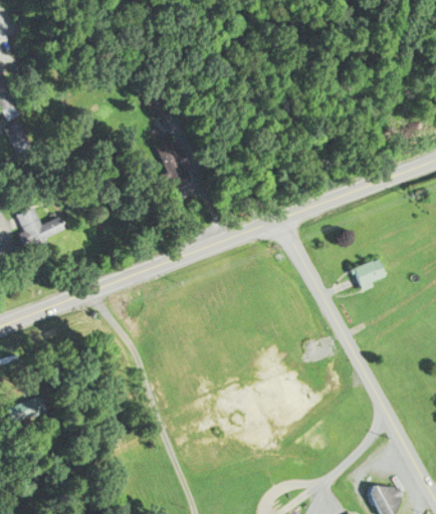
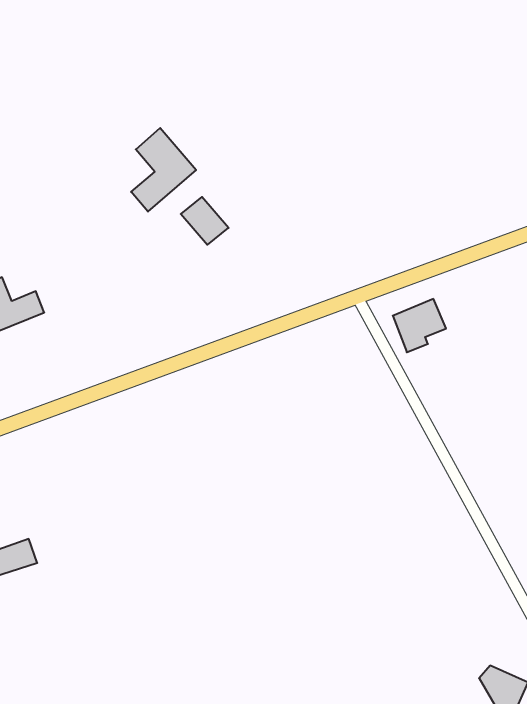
building: none -> [131,128,196,212]
building: [354,256,392,294] -> [393,299,446,352]

